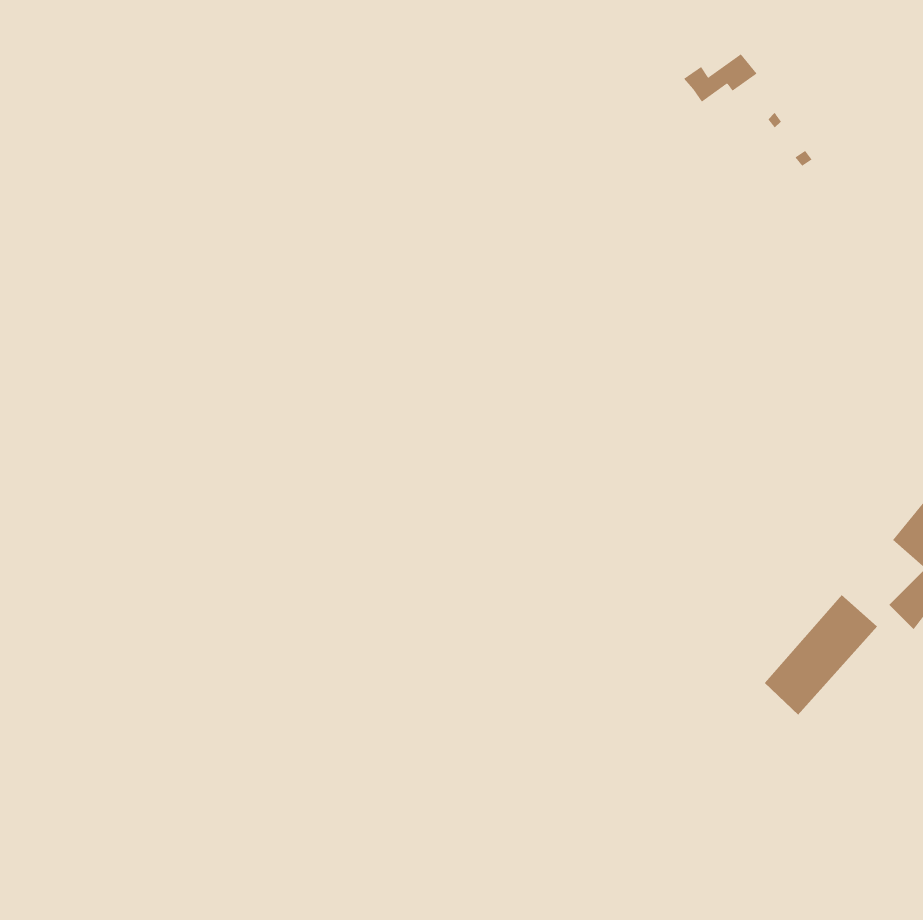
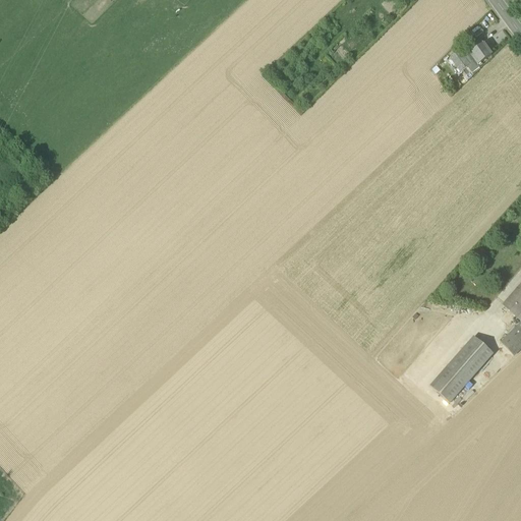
building: [683,53,757,102] -> [451,42,493,69]

